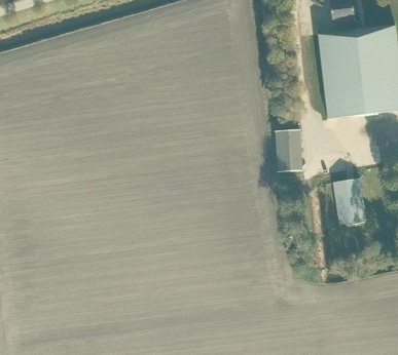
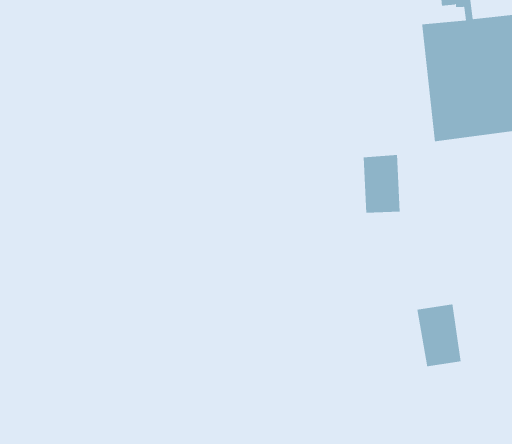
building: [332,179,365,225] -> [417,304,461,367]

